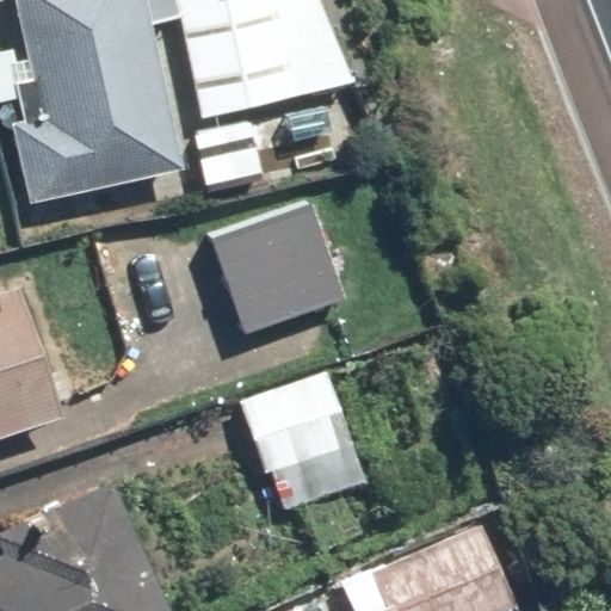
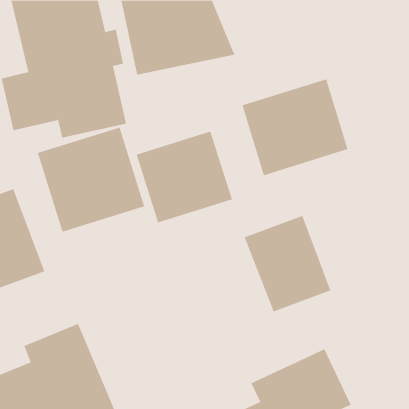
building: none -> [242,78,348,176]
building: none -> [37,127,145,232]
building: [240,368,369,511] -> [244,215,331,312]

